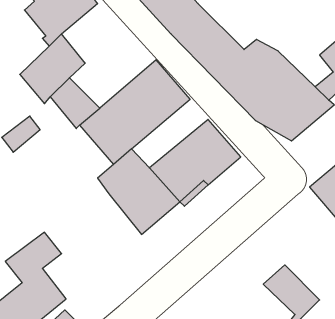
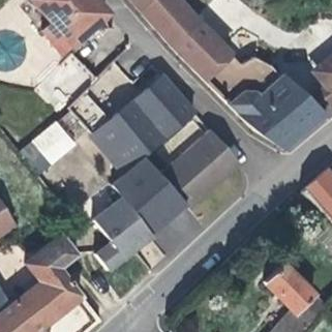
building: none -> [92,198,150,269]

